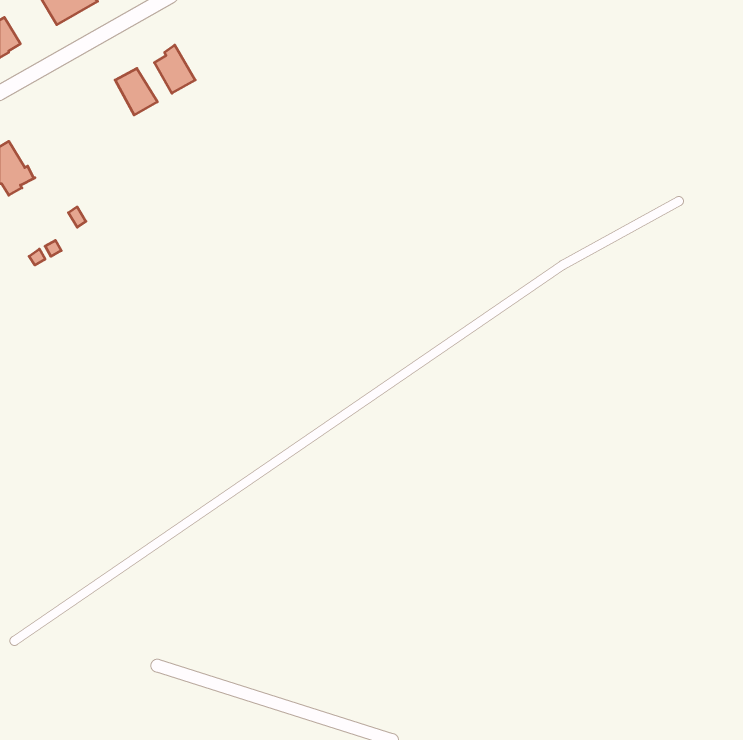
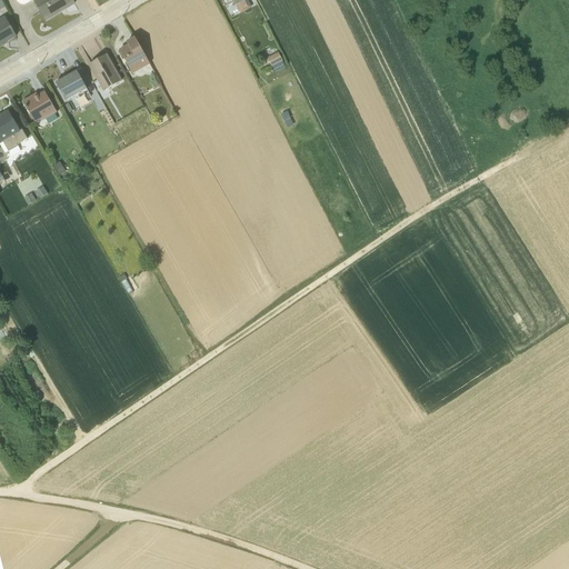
building: none -> [54,68,86,98]
building: none -> [21,89,56,121]

